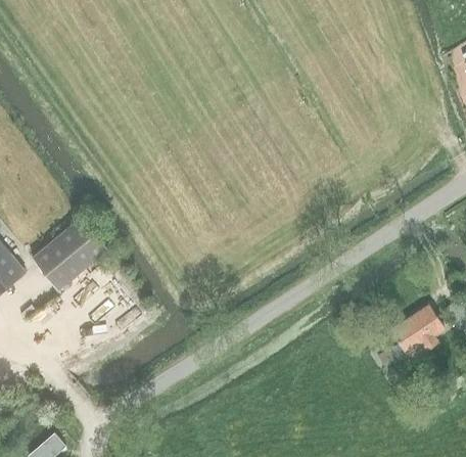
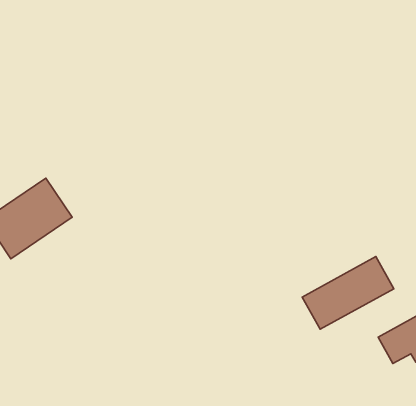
building: none -> [302,257,394,329]

